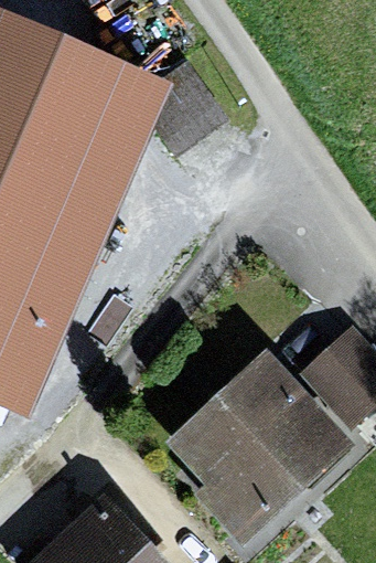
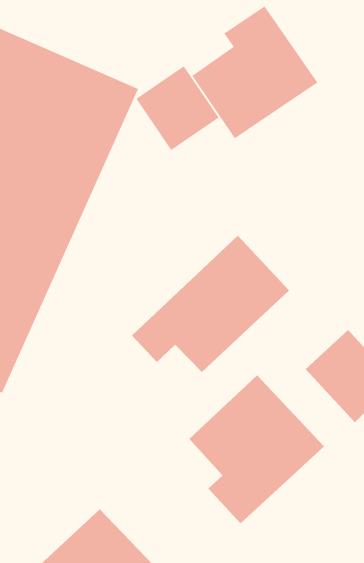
building: none -> [191,5,318,139]
building: none -> [131,235,290,373]

